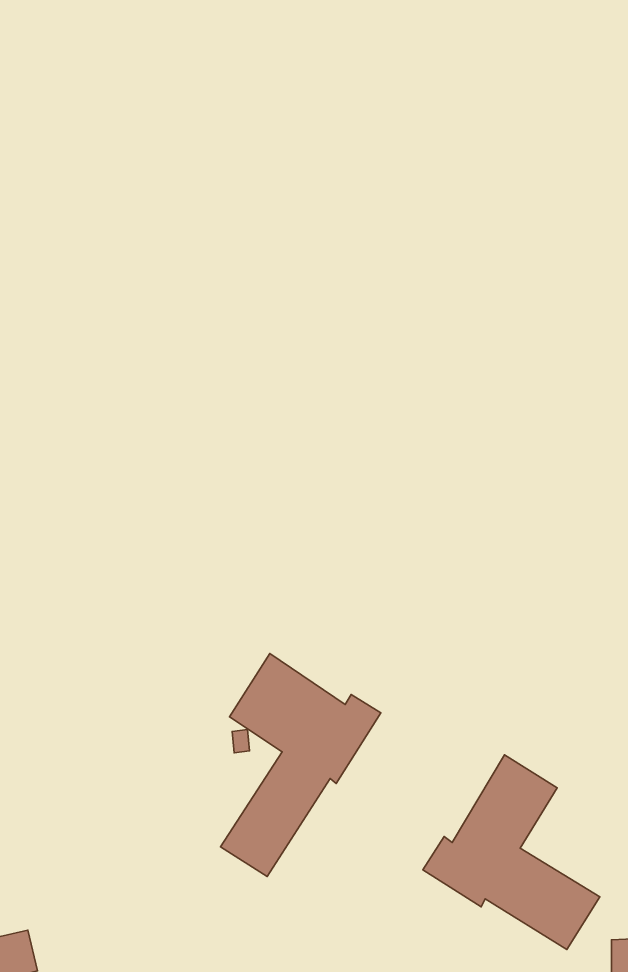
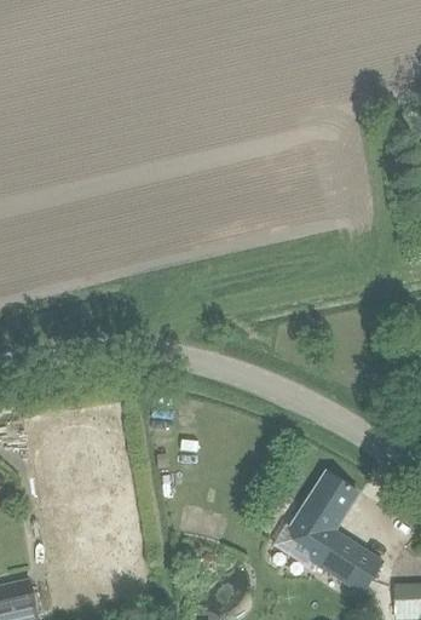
building: [220,653,381,877] -> none

